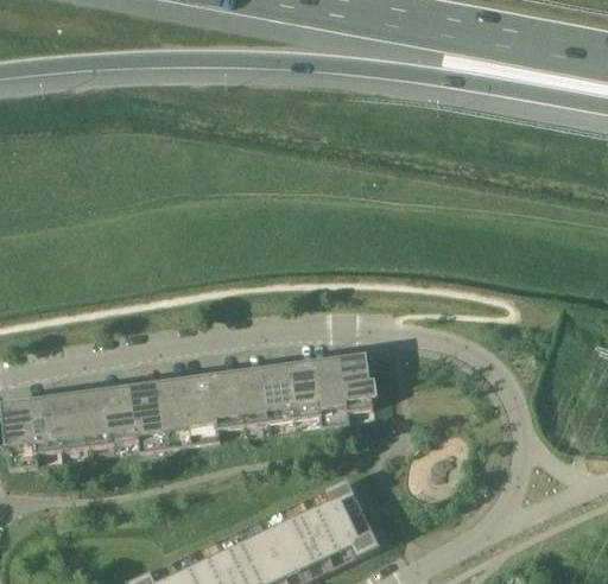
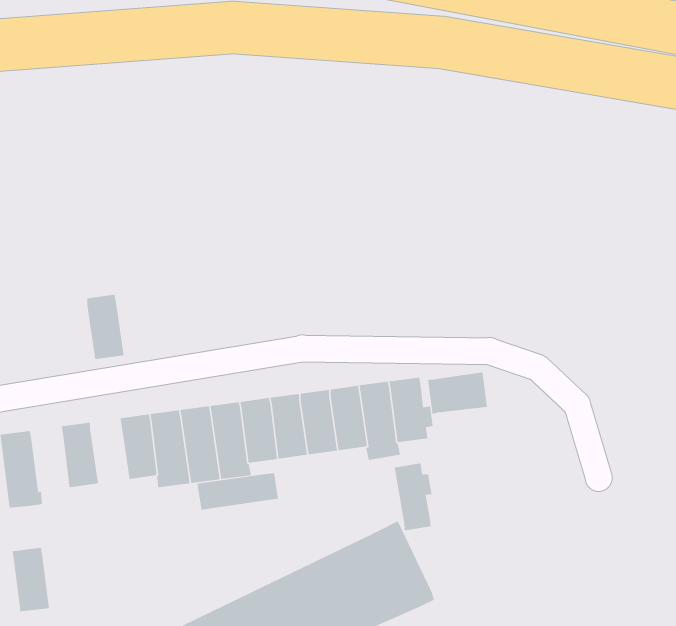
building: none -> [427,372,487,415]
building: [80,388,113,445] -> [86,294,125,360]
building: [27,395,61,452] -> [11,547,50,613]
building: none -> [394,463,432,531]
building: none -> [197,473,278,510]

